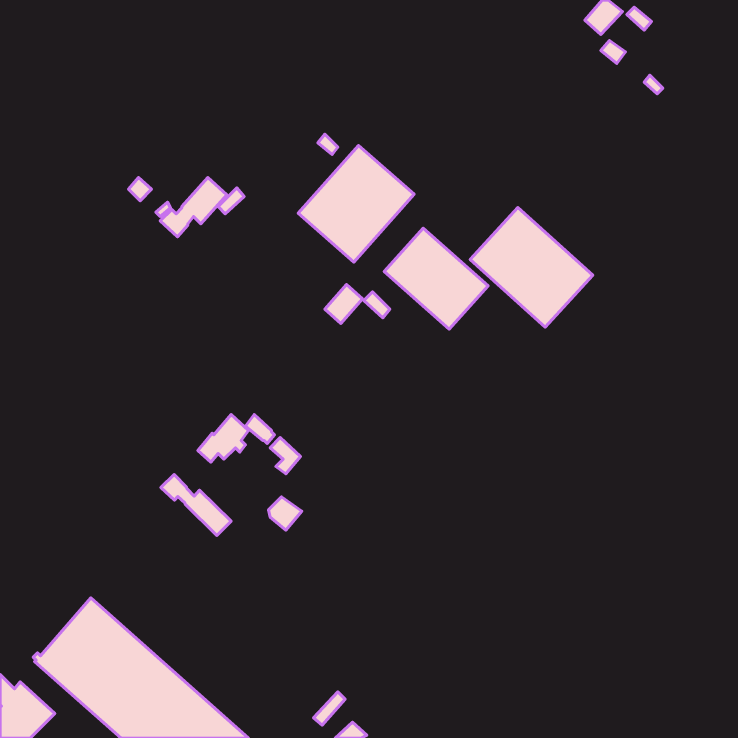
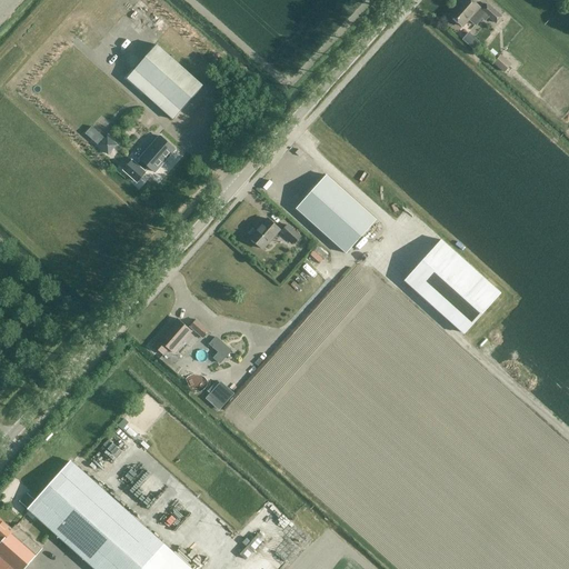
building: none -> [127,46,203,120]
building: [298,145,414,262] -> none
building: [470,207,593,327] -> [405,240,499,332]
building: [161,475,231,535] -> none

